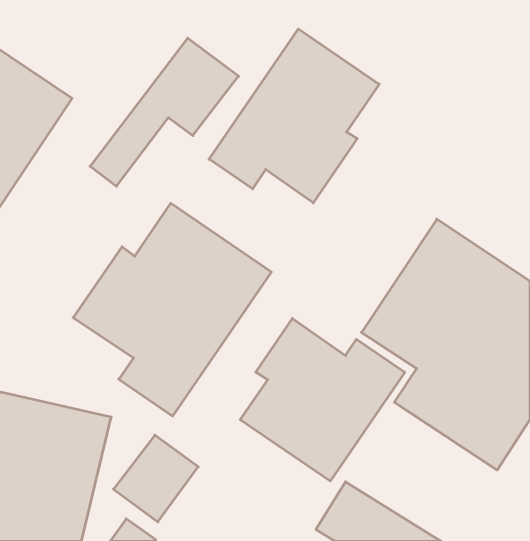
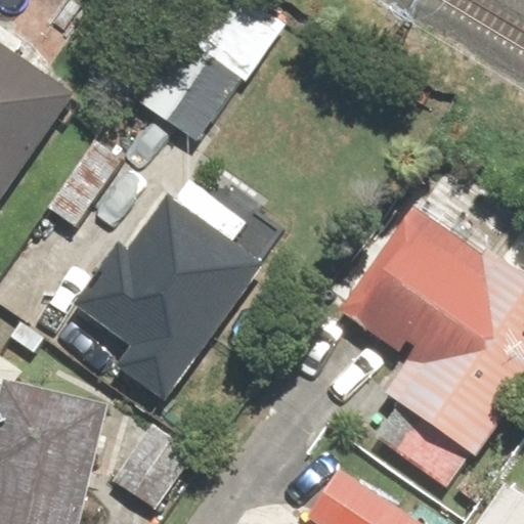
building: [209,29,379,203] -> none
building: [240,318,405,481] -> none

